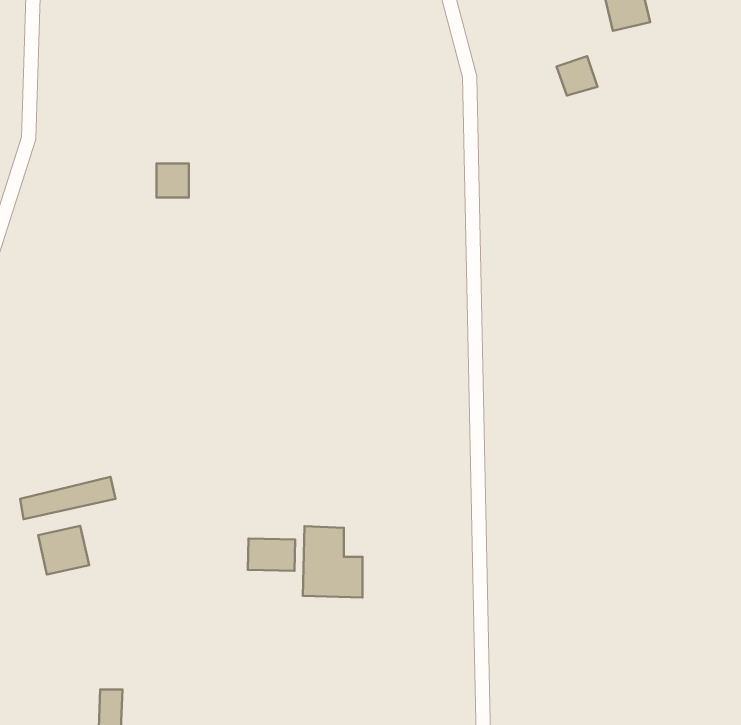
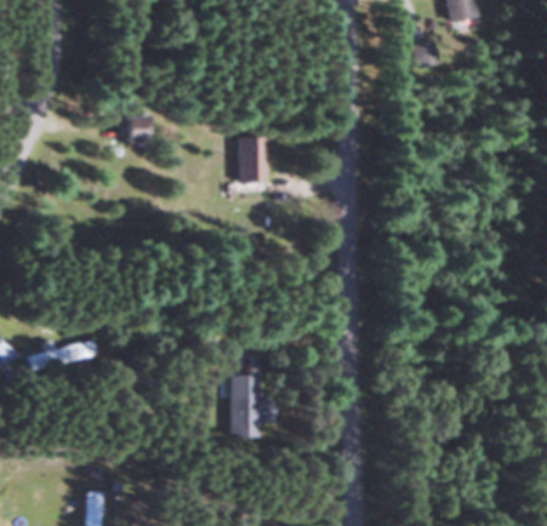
building: none -> [240,138,267,184]
building: [38,526,89,575] -> none
building: [248,538,295,571] -> none

